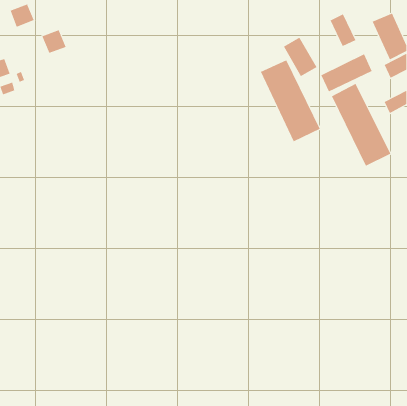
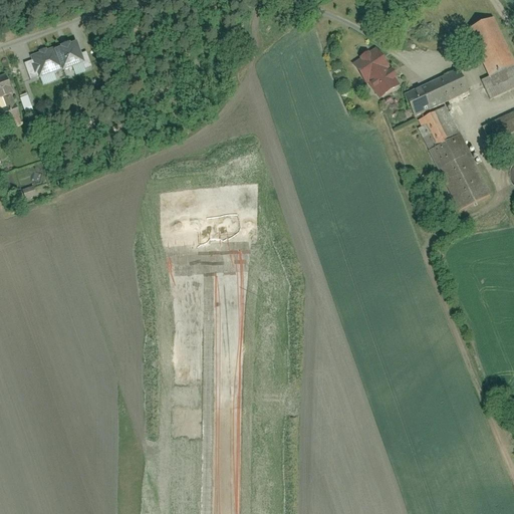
building: [10,3,35,27] -> [29,43,60,73]
building: [330,14,356,47] -> none
building: [260,59,321,142] -> none

